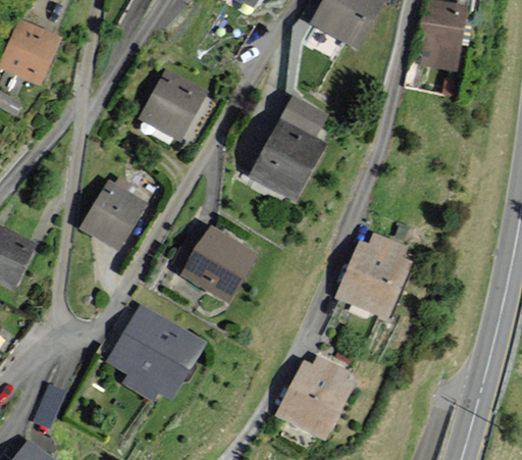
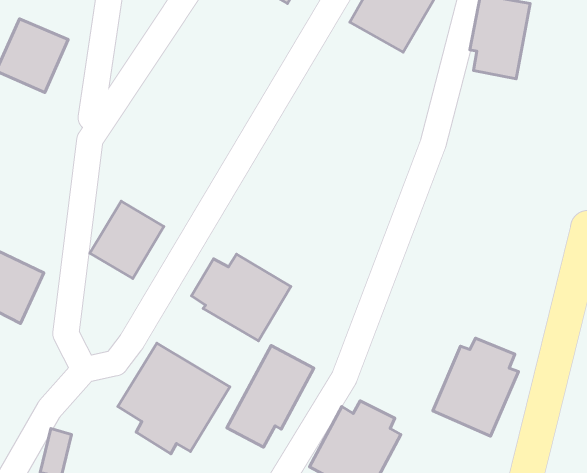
building: [139,67,208,139] -> none
building: [250,96,328,201] -> none
building: [335,233,411,319] -> [433,338,518,436]
building: none -> [227,345,314,447]

